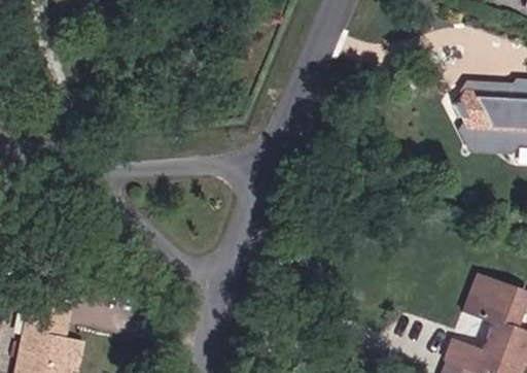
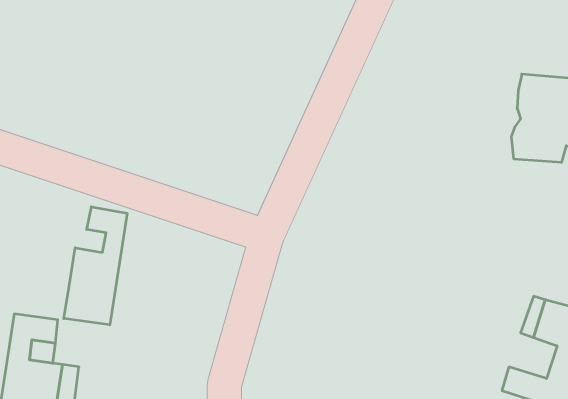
building: none -> [64,207,127,325]

